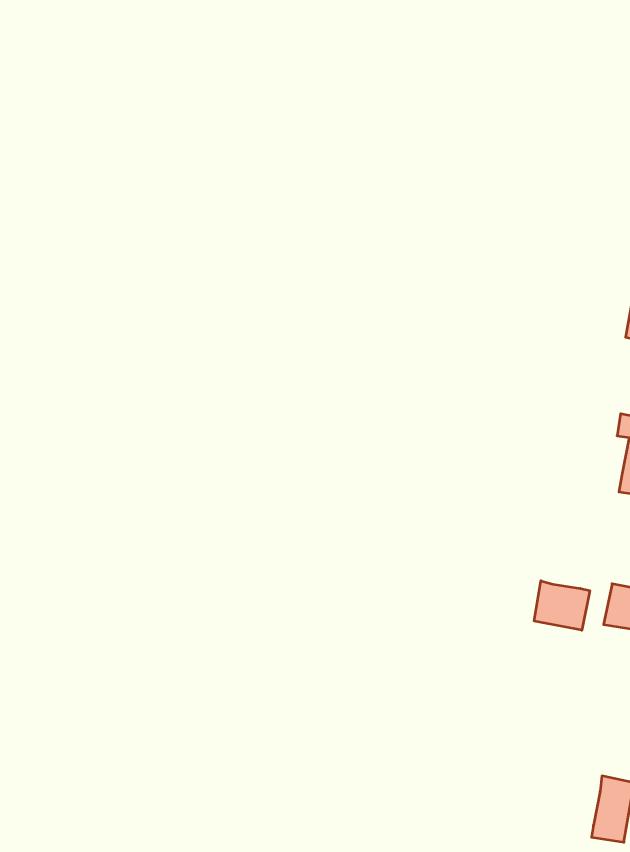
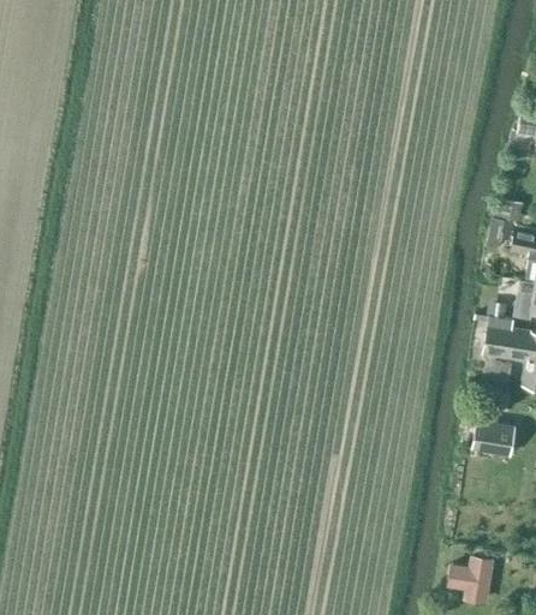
building: [534,581,590,630] -> none

